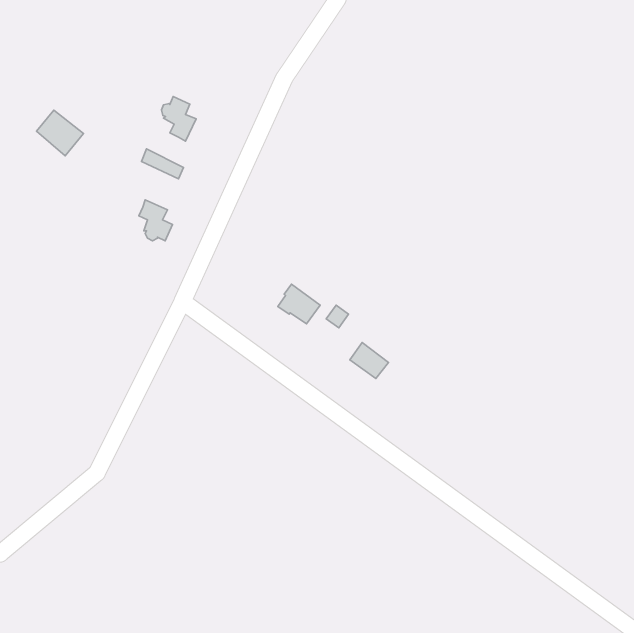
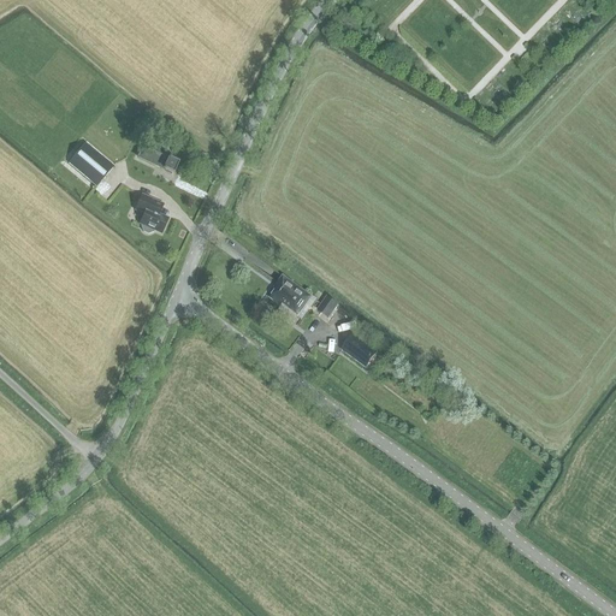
building: [161,97,196,141] -> none
building: [36,110,84,156] -> [67,142,113,186]

